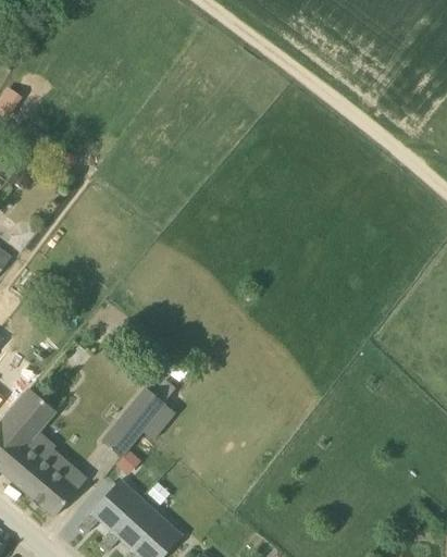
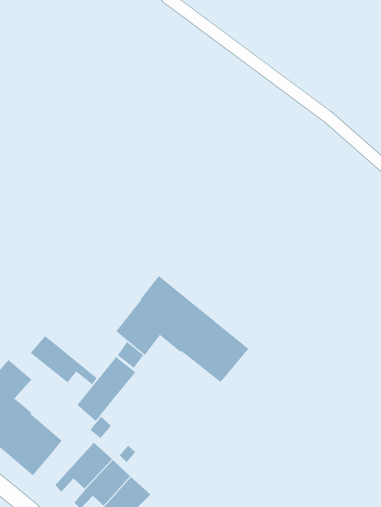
building: none -> [115,275,249,383]
building: none -> [30,335,98,385]

